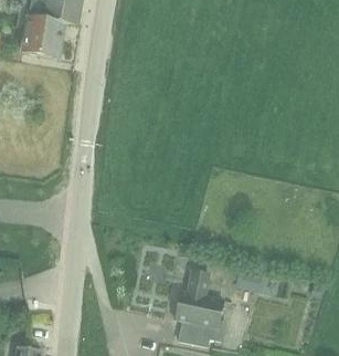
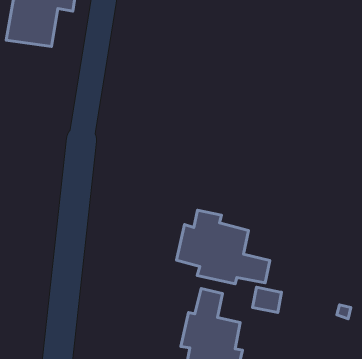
building: none -> [177,210,270,284]

